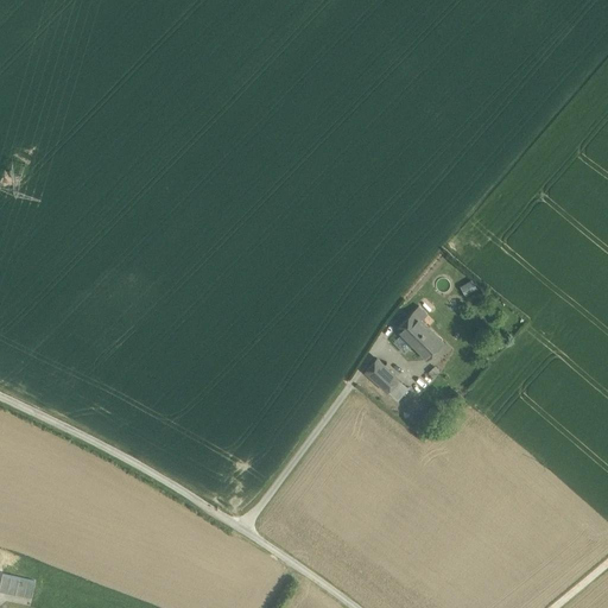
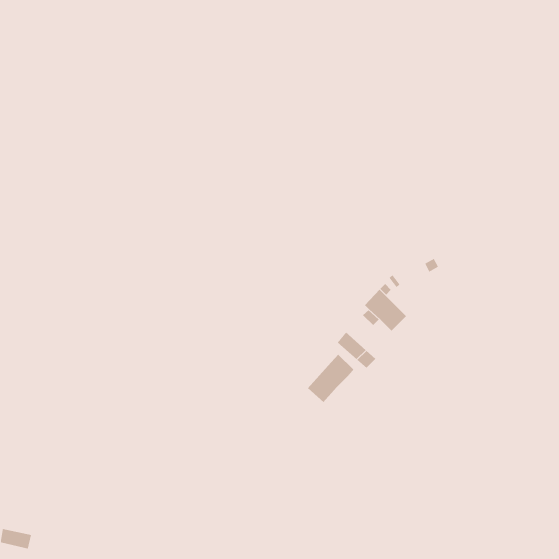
building: none -> [307,354,354,403]

